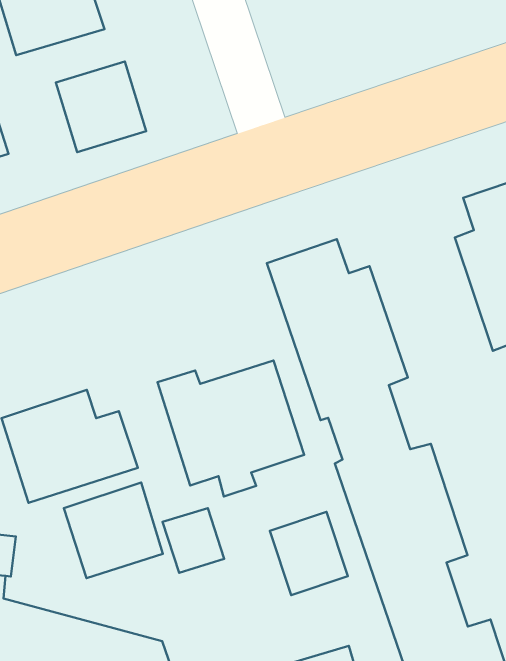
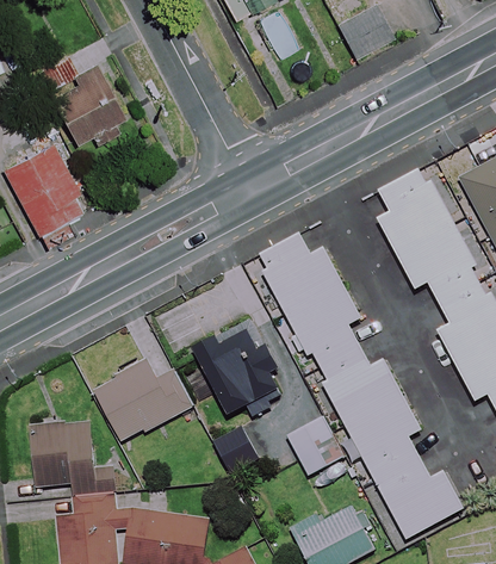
building: [56,62,146,152] -> none
building: [64,483,163,578] -> none

